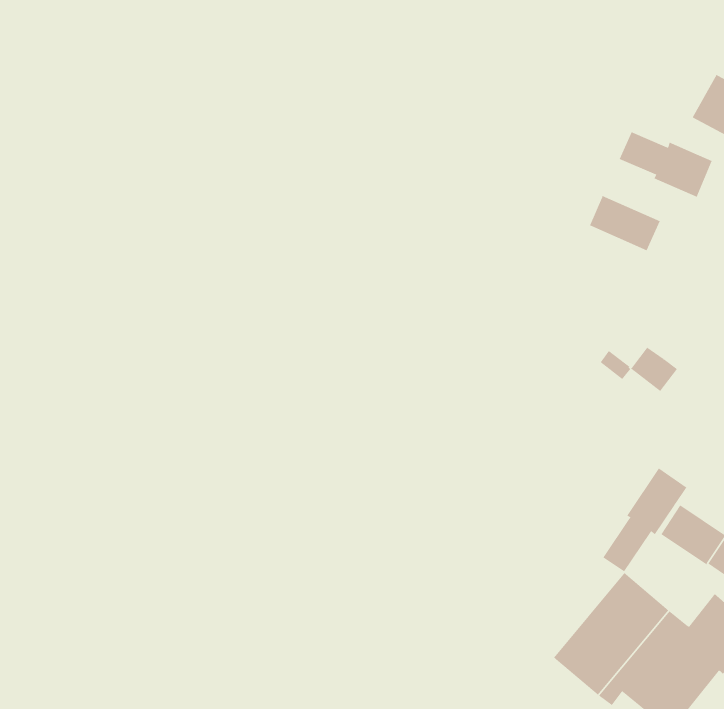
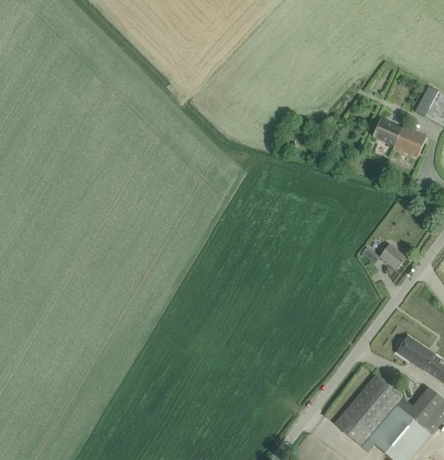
building: [588,195,661,251] -> none
building: [602,468,687,572] -> none

